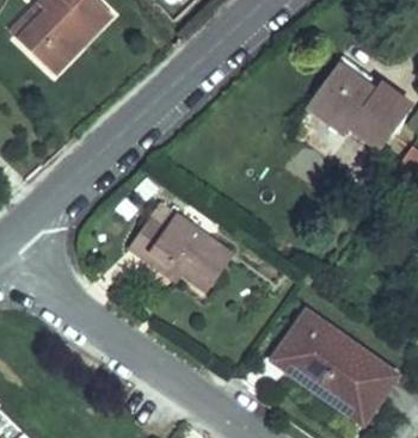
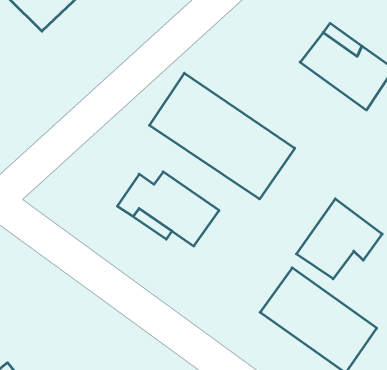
building: none -> [149,73,295,199]
building: none -> [296,199,382,279]

